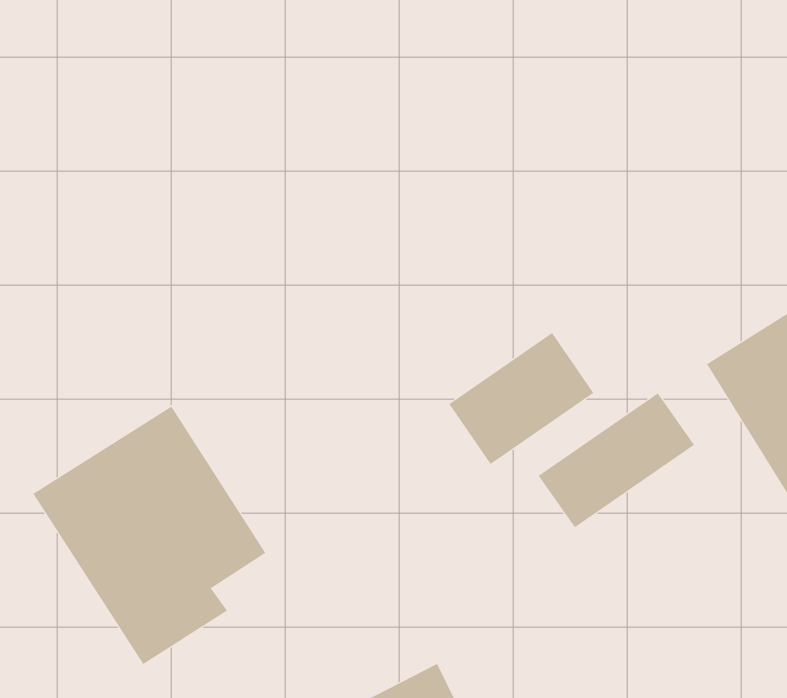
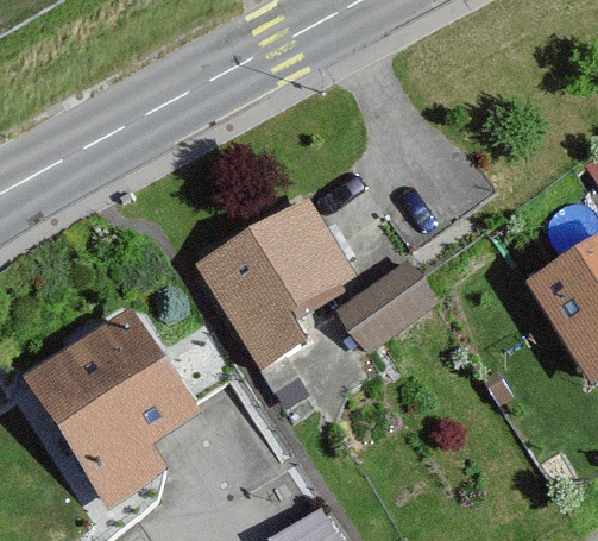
building: none -> [191,193,353,370]
building: [538,392,695,528] -> none

